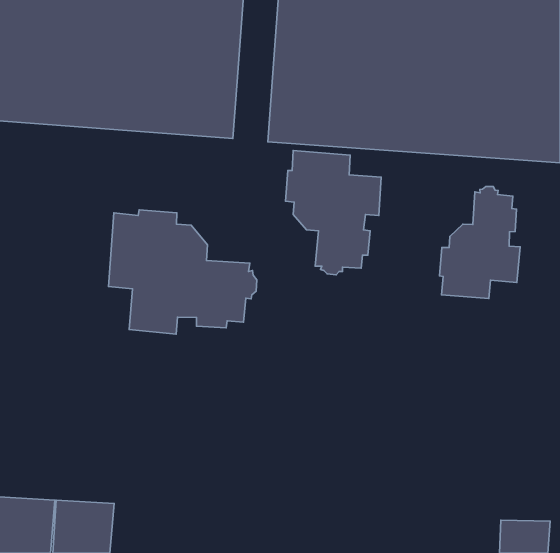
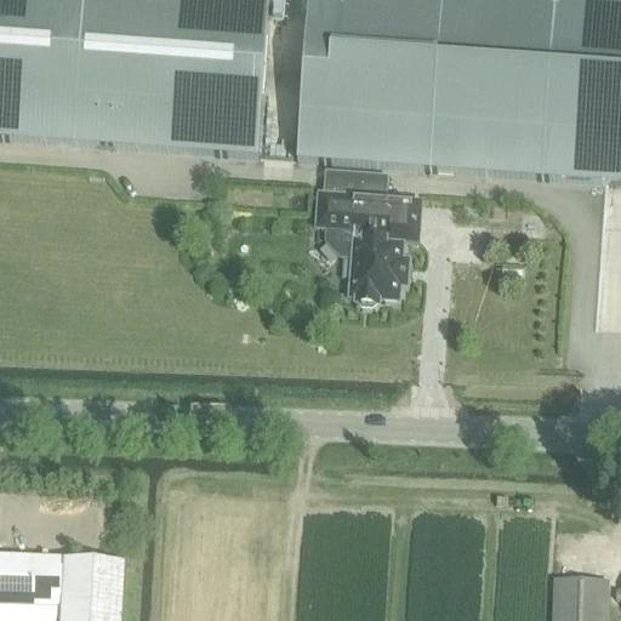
building: [440,186,520,298] -> none
building: [108,210,257,334] -> none

